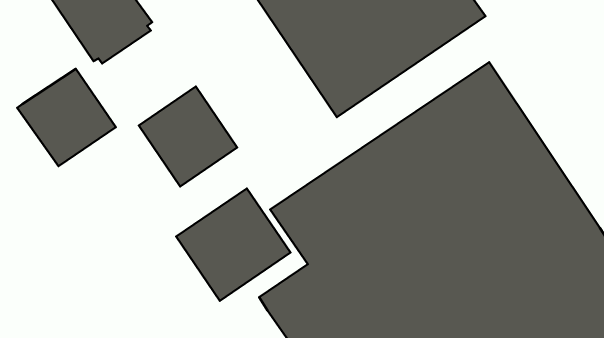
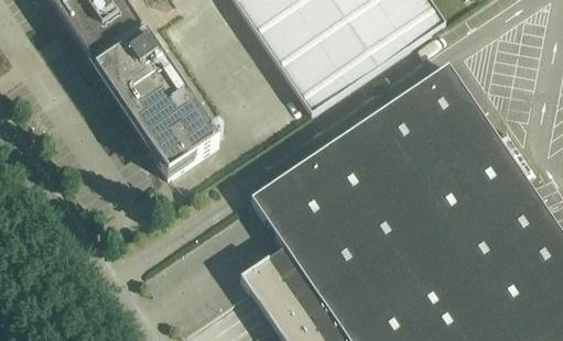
building: [17,69,116,166] -> [95,31,184,119]
building: [176,188,290,301] -> none

